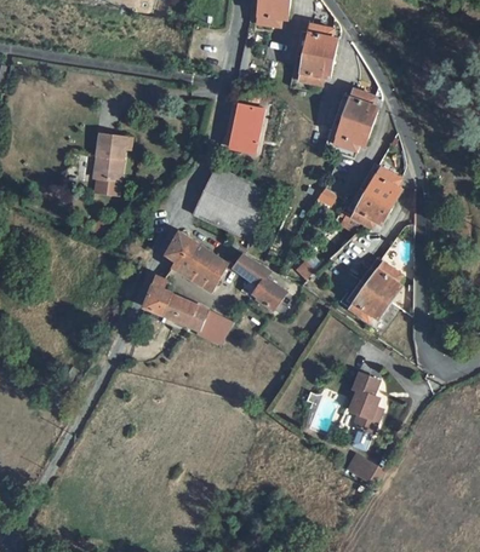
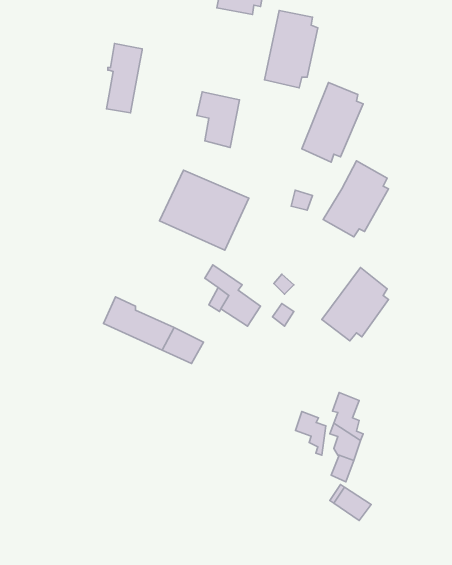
building: [93,133,126,196] -> [106,44,142,113]
building: [165,230,229,292] -> none
building: none -> [296,412,326,455]

